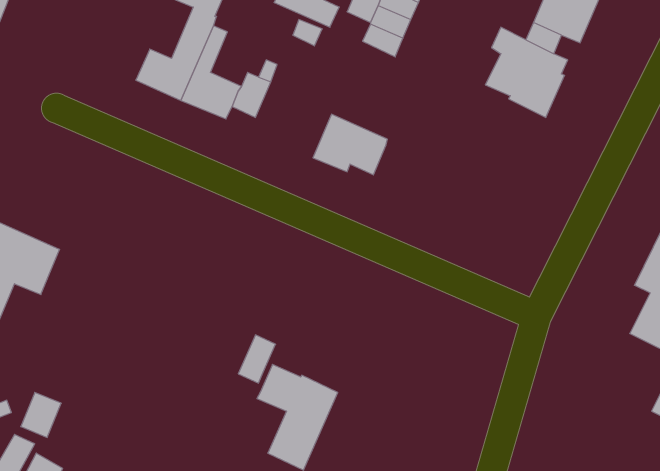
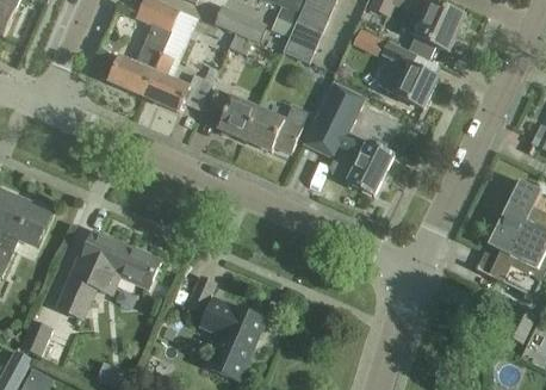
building: none -> [304,82,393,196]
building: none -> [207,87,259,140]
building: none -> [56,229,161,320]

